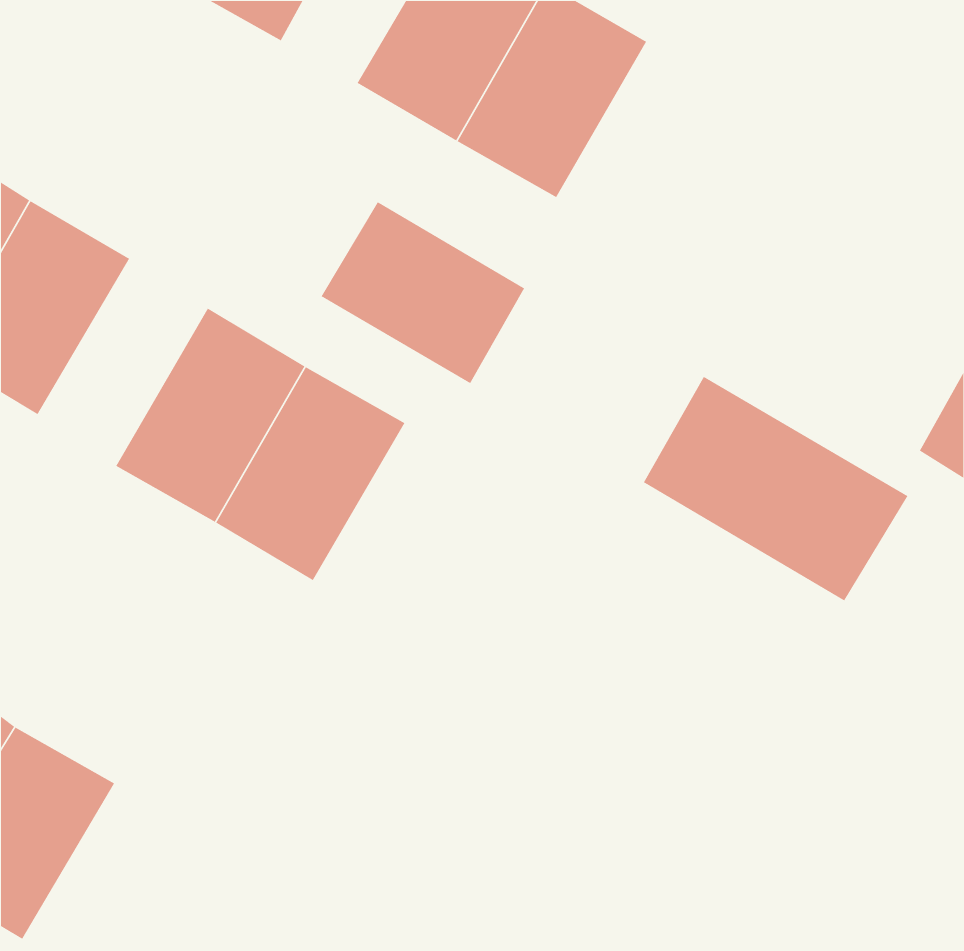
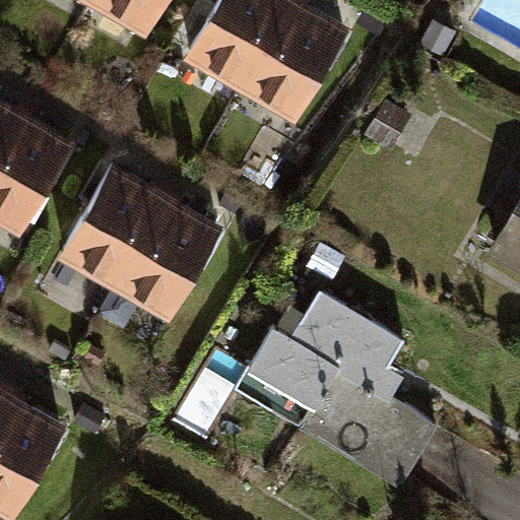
building: [320,201,525,384] -> none
building: [643,376,908,601] -> none
building: none -> [250,292,439,483]

